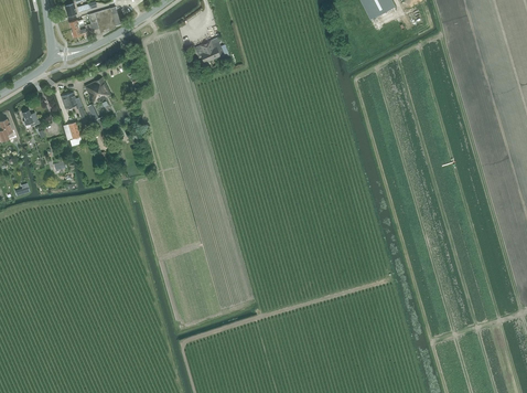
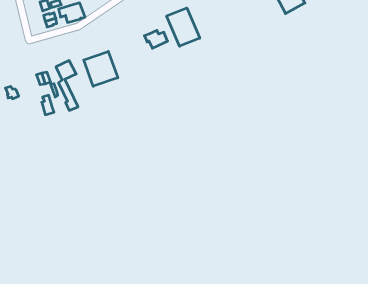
building: none -> [167,8,200,46]
building: none -> [84,51,118,86]

